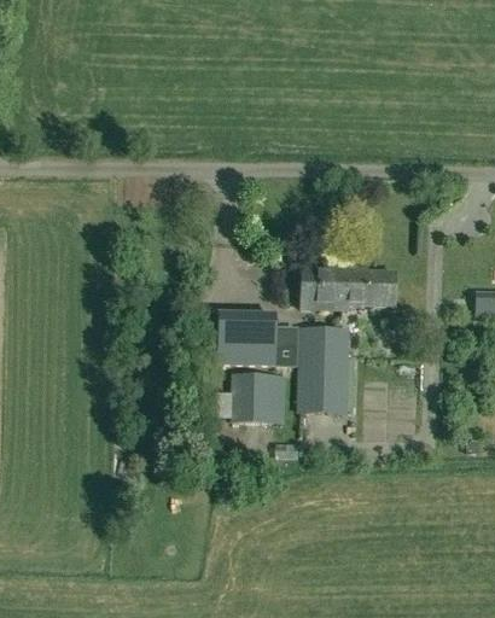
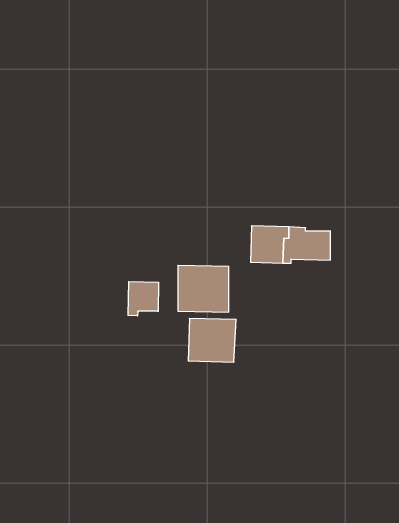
building: [297,326,350,414] -> none
building: none -> [128,282,159,316]

